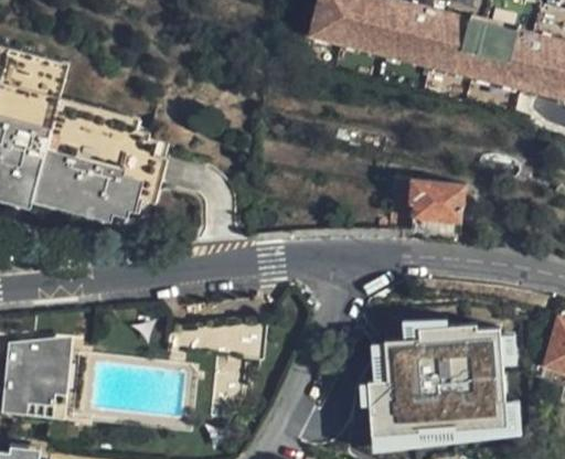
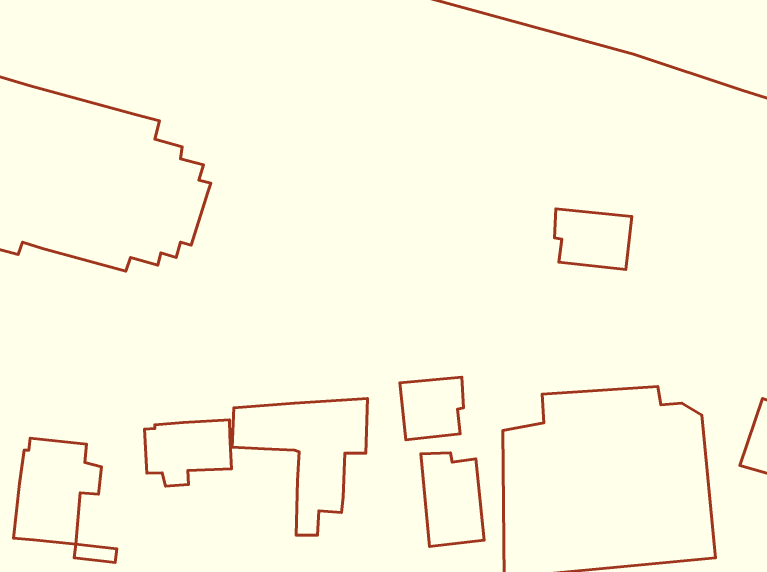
building: none -> [400,377,464,440]
building: none -> [144,420,232,486]
building: none -> [421,453,484,546]

